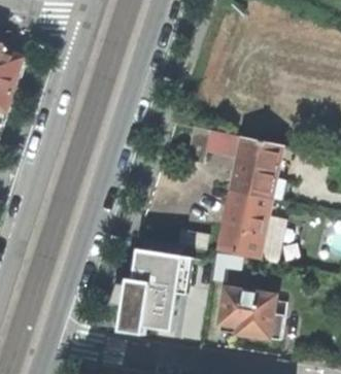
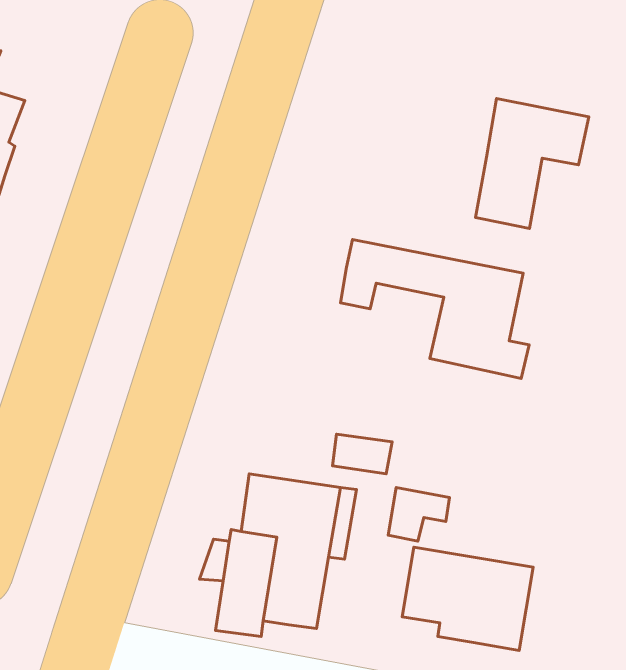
building: none -> [476,99,589,228]
building: [217,190,275,262] -> none

